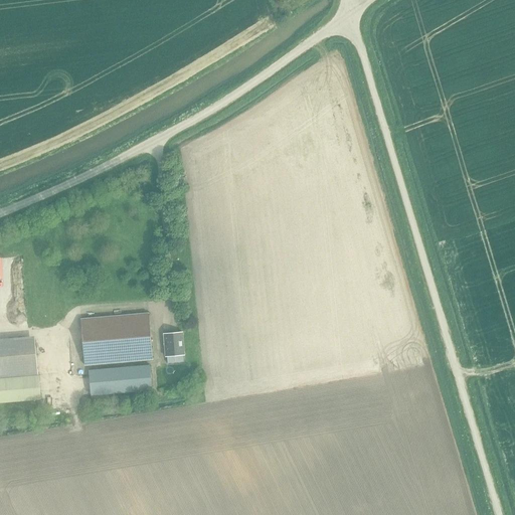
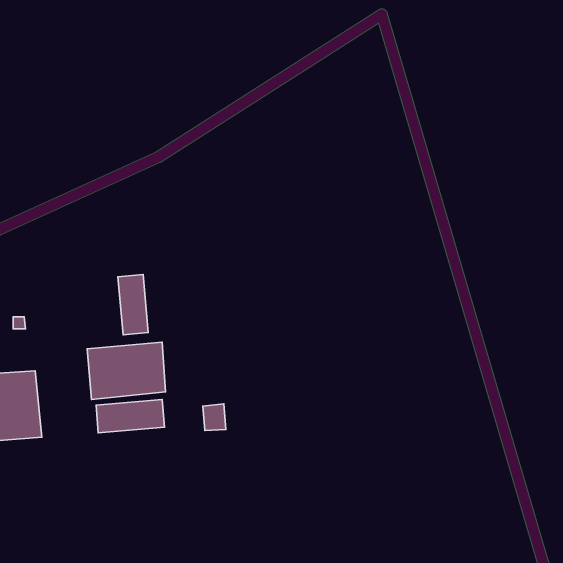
building: none -> [118,275,148,335]
building: [162,331,183,355] -> [203,404,226,430]

